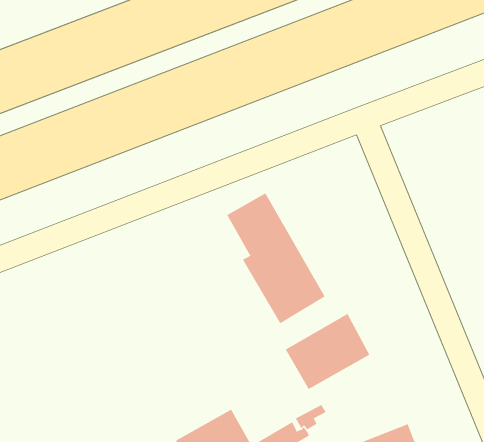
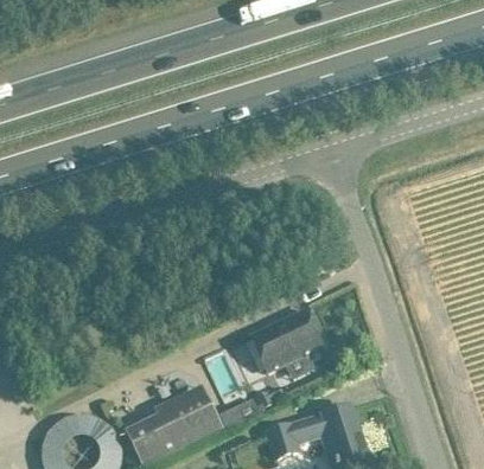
building: [226,193,326,324] -> none

